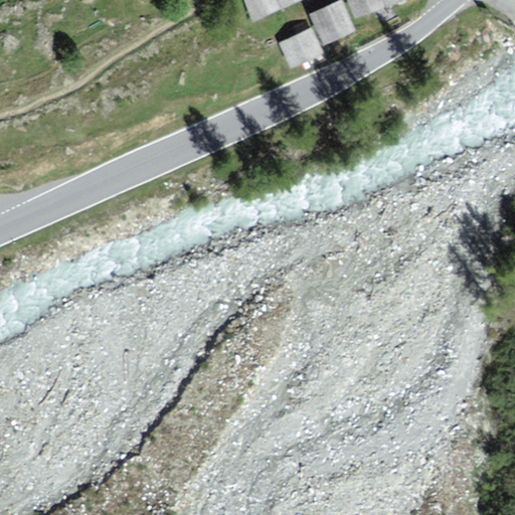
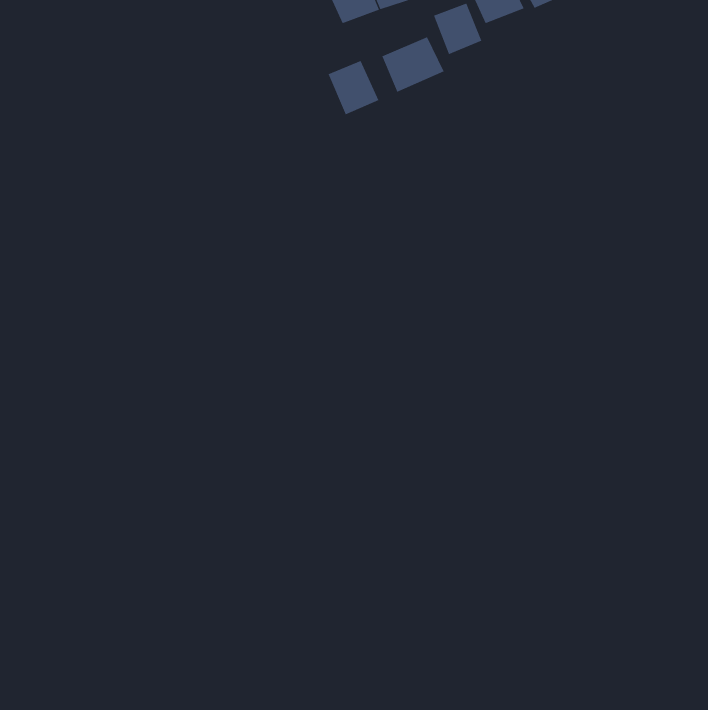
building: none -> [328,60,379,115]

